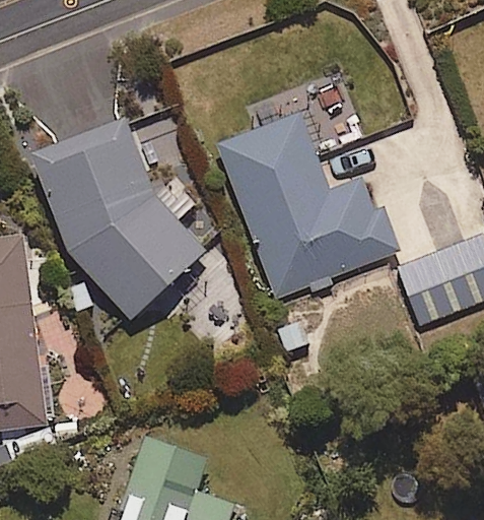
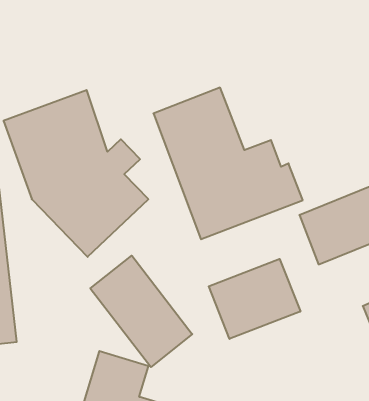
building: none -> [90,256,192,367]
building: none -> [209,259,300,339]

